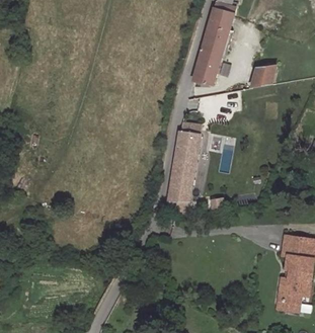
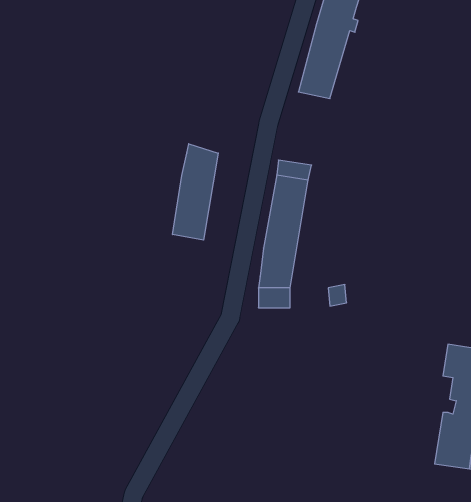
building: [249,65,274,88] -> none
building: none -> [173,144,218,240]

